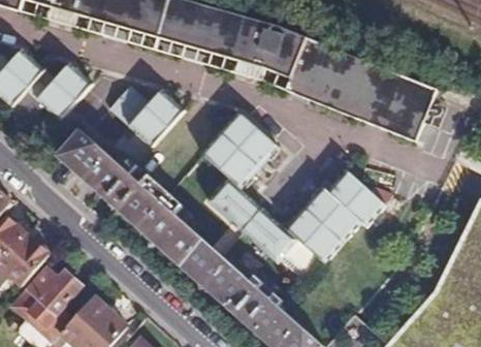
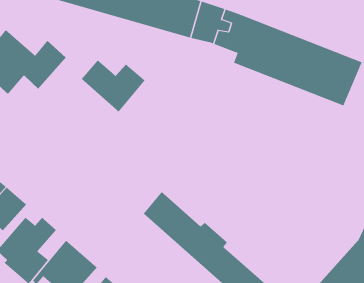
building: [202,112,386,262] -> none
building: [61,131,204,264] -> none

